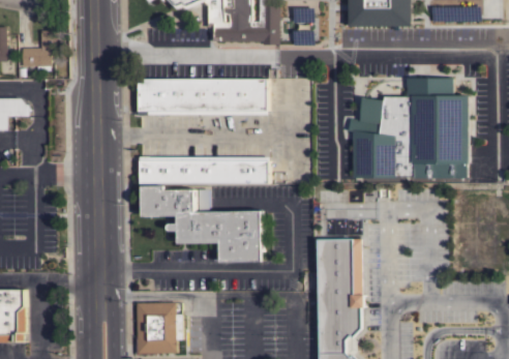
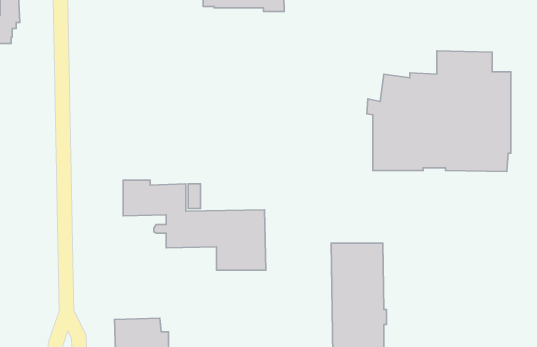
building: [137,79,266,115] -> none
building: [139,157,267,184] -> none

